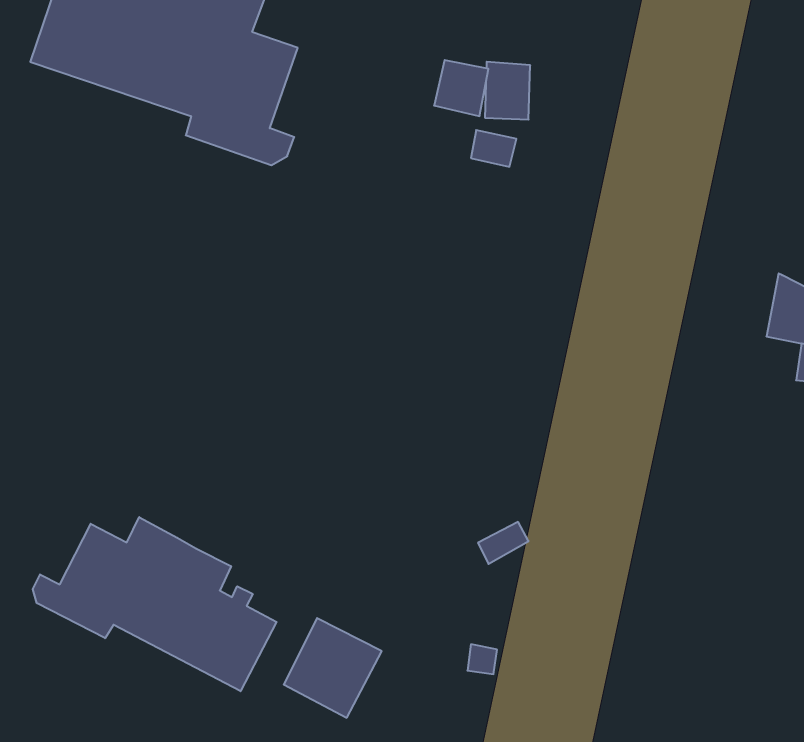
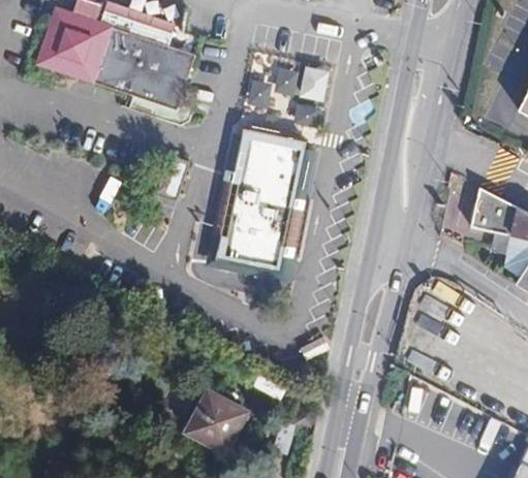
building: none -> [219,127,306,273]
building: [33,517,277,691] -> none

